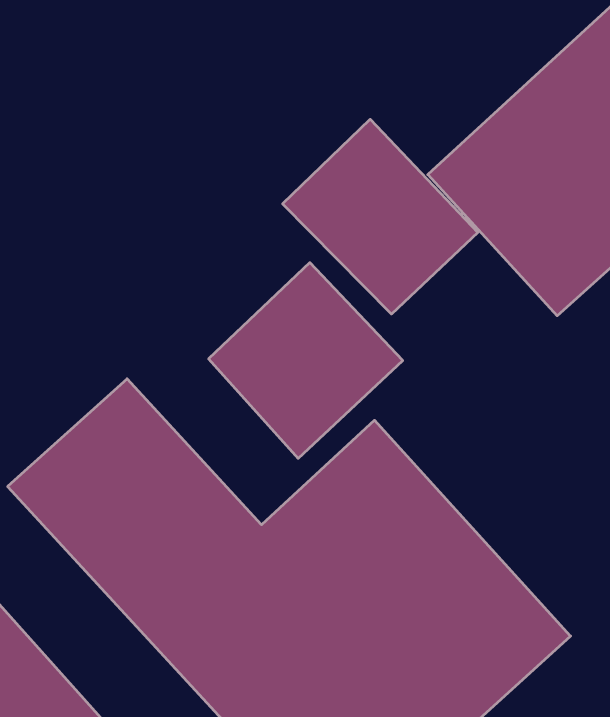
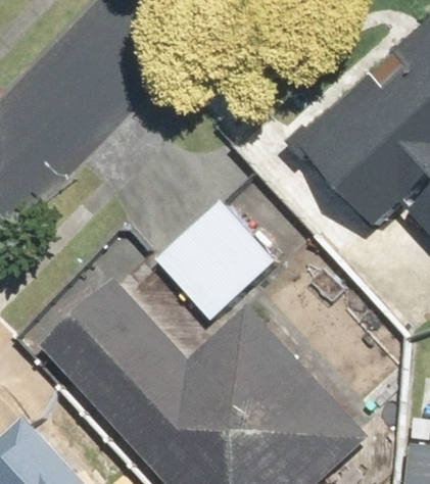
building: [283,119,478,314] -> none

